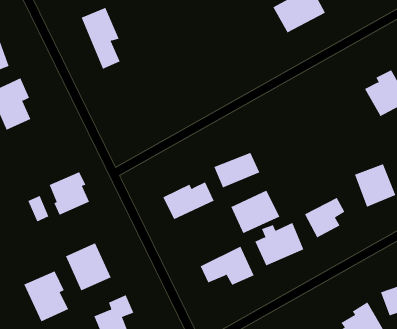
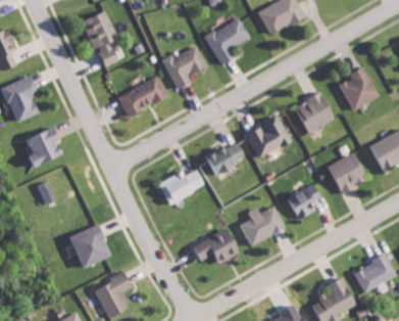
building: none -> [202,17,248,65]
building: none -> [160,44,205,90]
building: none -> [116,76,165,117]
building: none -> [294,92,334,132]
building: [49,171,90,216] -> [26,127,62,167]
building: [230,190,280,234] -> [245,118,290,157]
building: [24,270,69,322] -> none

